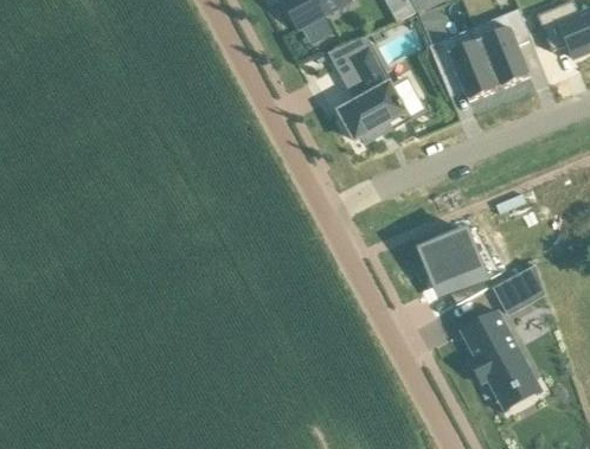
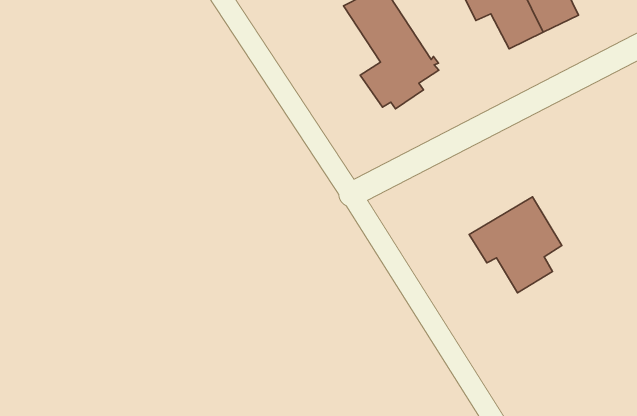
building: [502,265,544,304] -> none
building: [461,310,536,399] -> none

